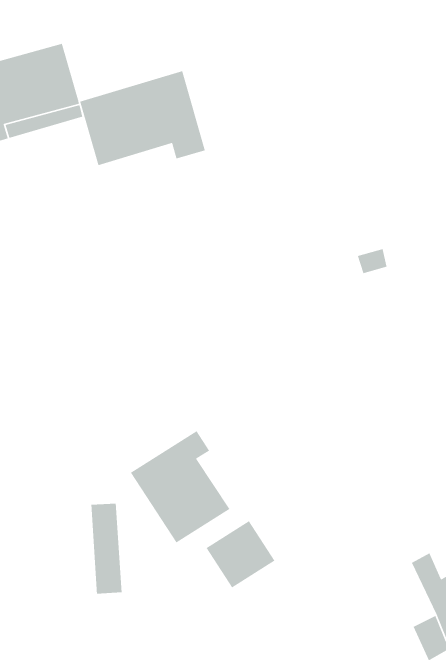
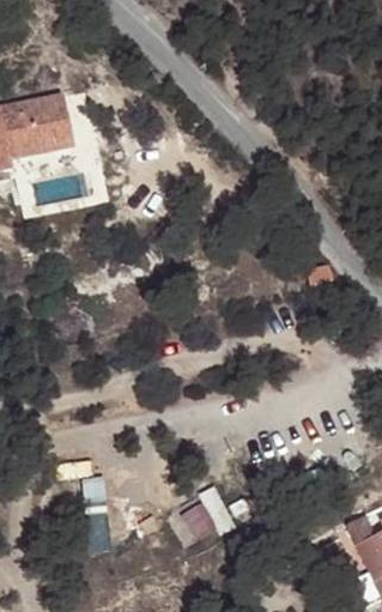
building: [79,70,206,166] -> none
building: [130,430,230,544] -> none

